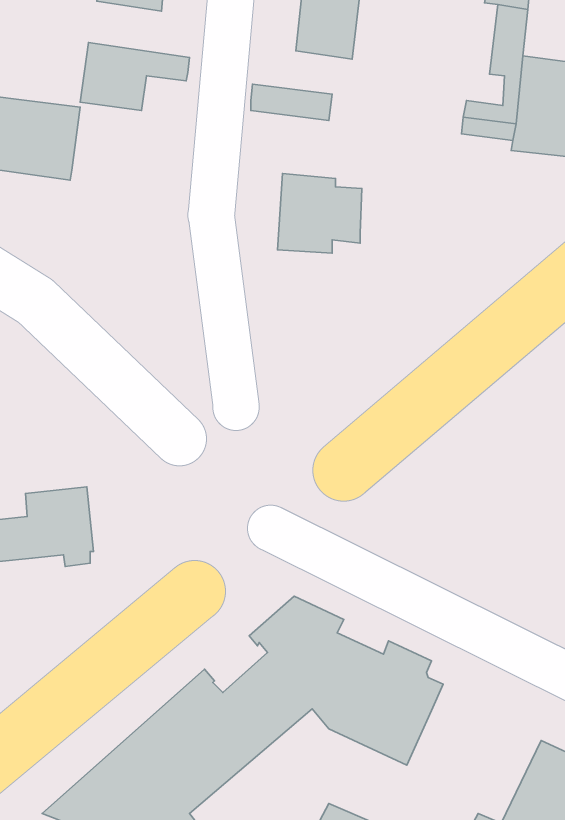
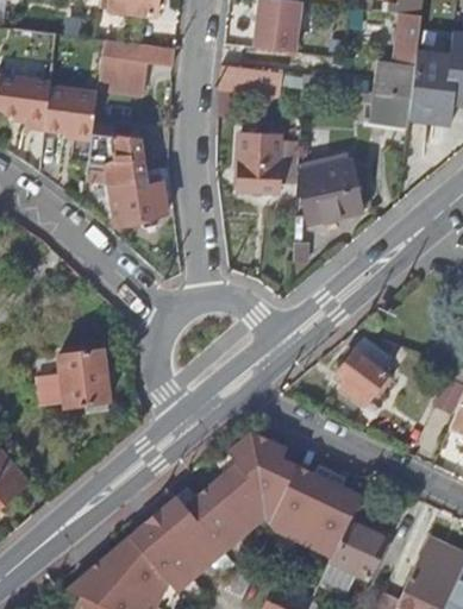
building: none -> [85,130,167,227]
building: none -> [300,161,364,224]
building: none -> [336,339,389,407]
building: none -> [331,517,388,577]

